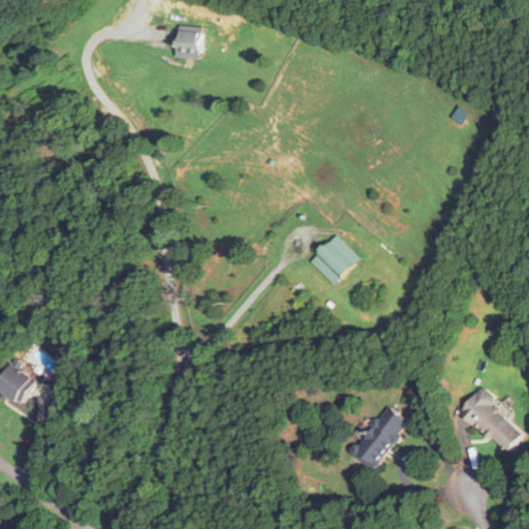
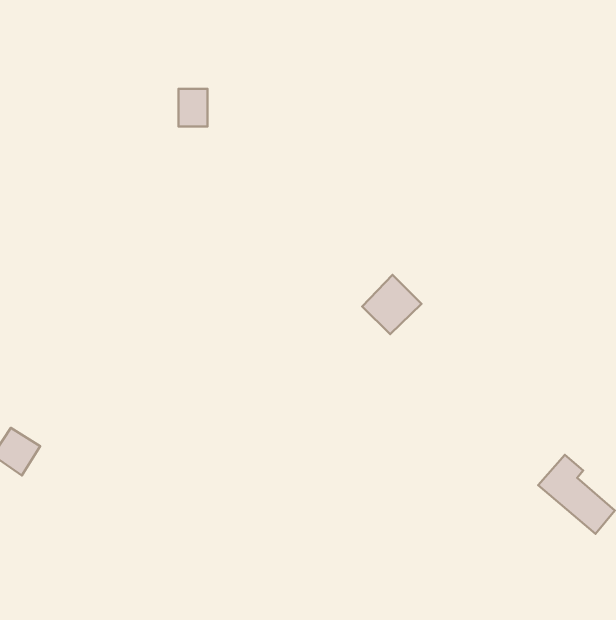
building: [175,25,199,57] -> [178,89,208,126]
building: [350,405,408,470] -> none

